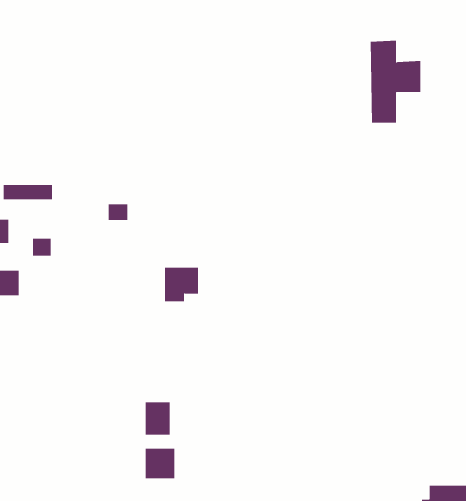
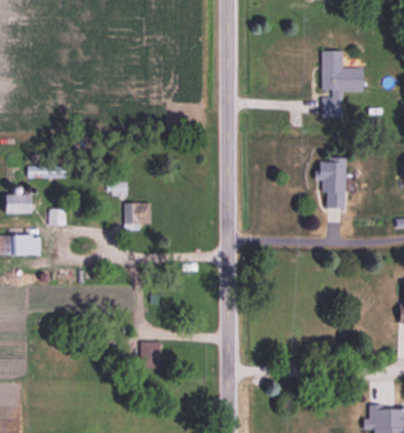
building: none -> [318,157,346,208]
building: [164,267,199,302] -> [125,202,153,230]
building: [145,448,175,479] -> none

